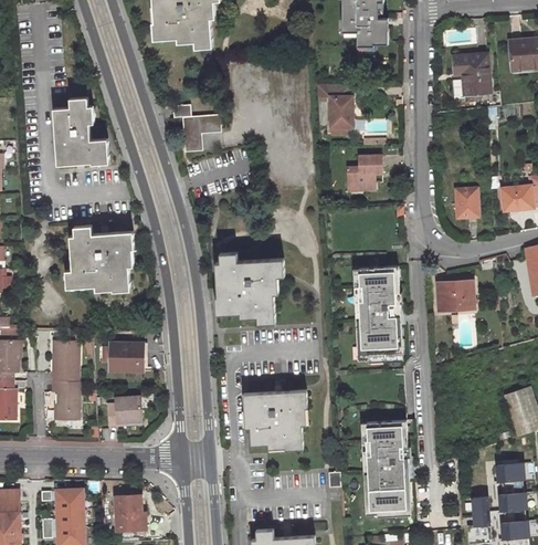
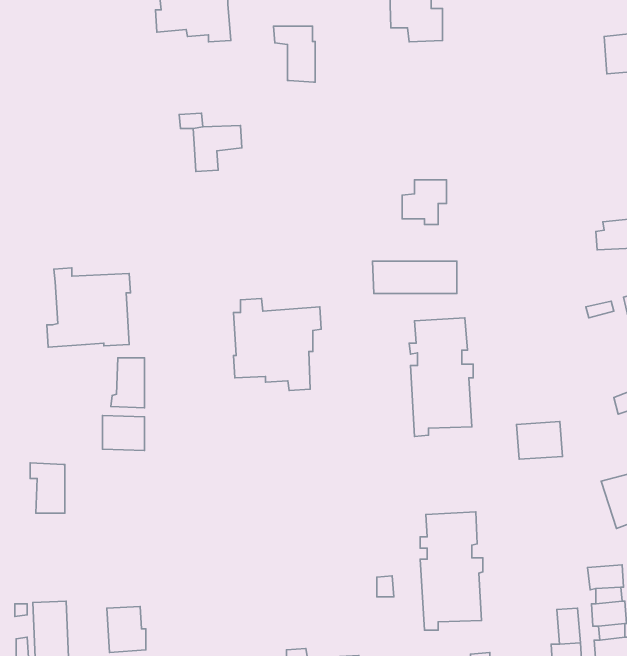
building: [451,56,487,97] -> none
building: [318,85,351,129] -> [273,26,315,82]
building: [54,97,108,164] -> none
building: [455,190,478,219] -> none
building: none -> [372,261,457,294]
building: [436,283,473,313] -> [517,422,562,459]
building: [53,343,80,382] -> [111,358,144,408]
building: [243,390,307,449] -> none
building: [107,398,140,428] -> none

